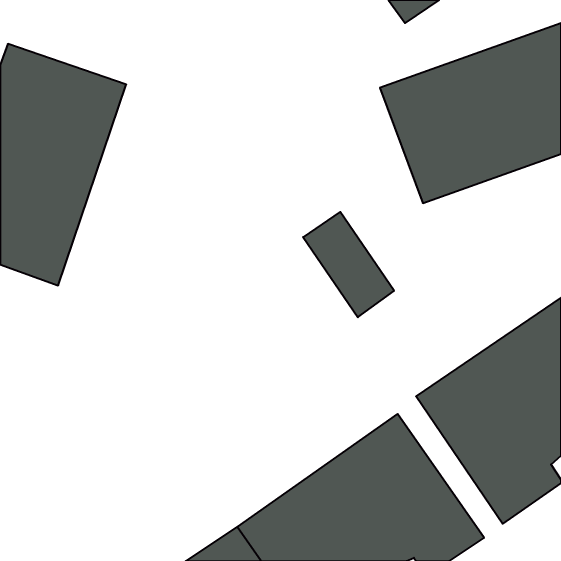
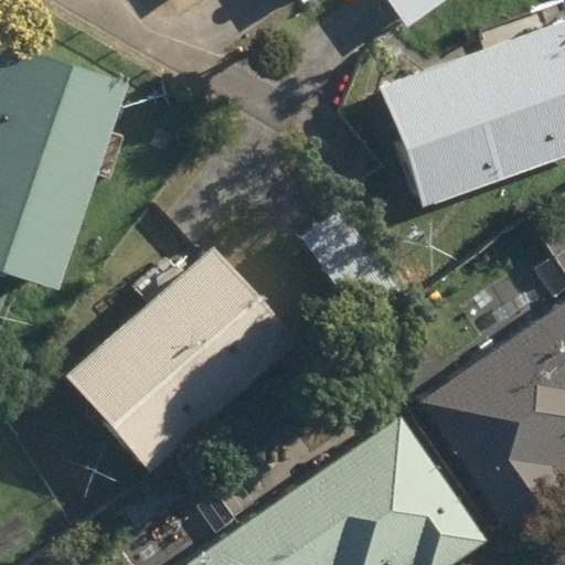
building: none -> [68,248,298,471]

